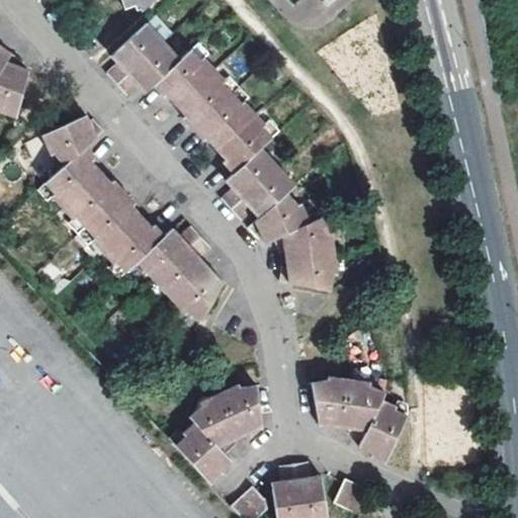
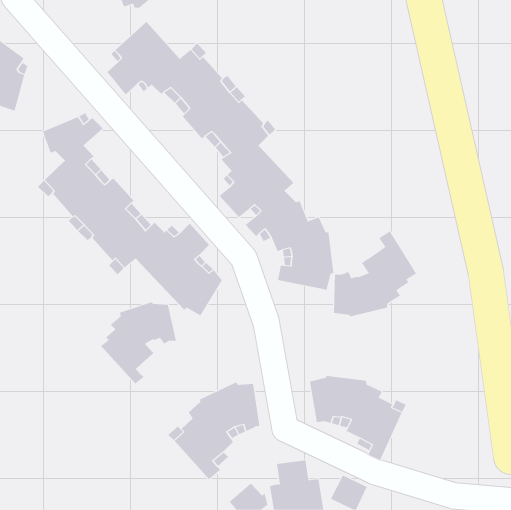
building: none -> [333,231,417,317]
building: none -> [100,301,176,385]

